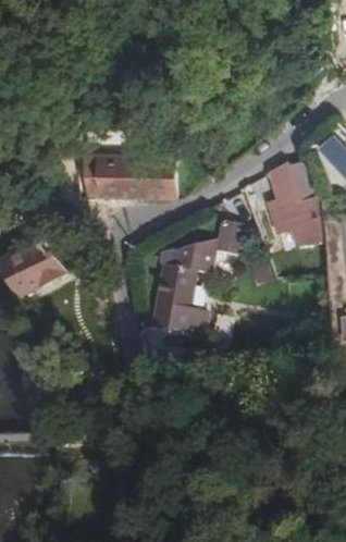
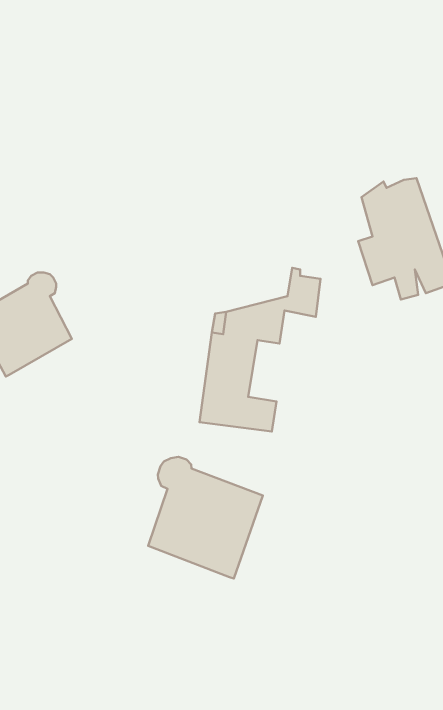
building: [85,155,172,199] -> none
building: none -> [148,457,263,578]

